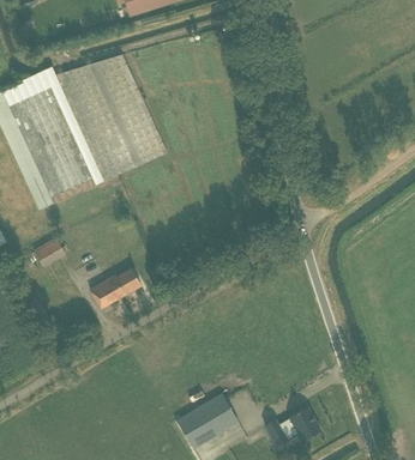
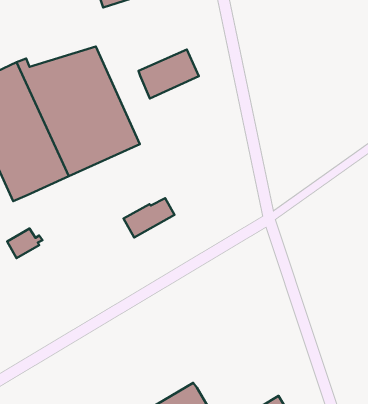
building: none -> [139,49,199,98]
building: [91,268,143,308] -> [124,198,175,237]

